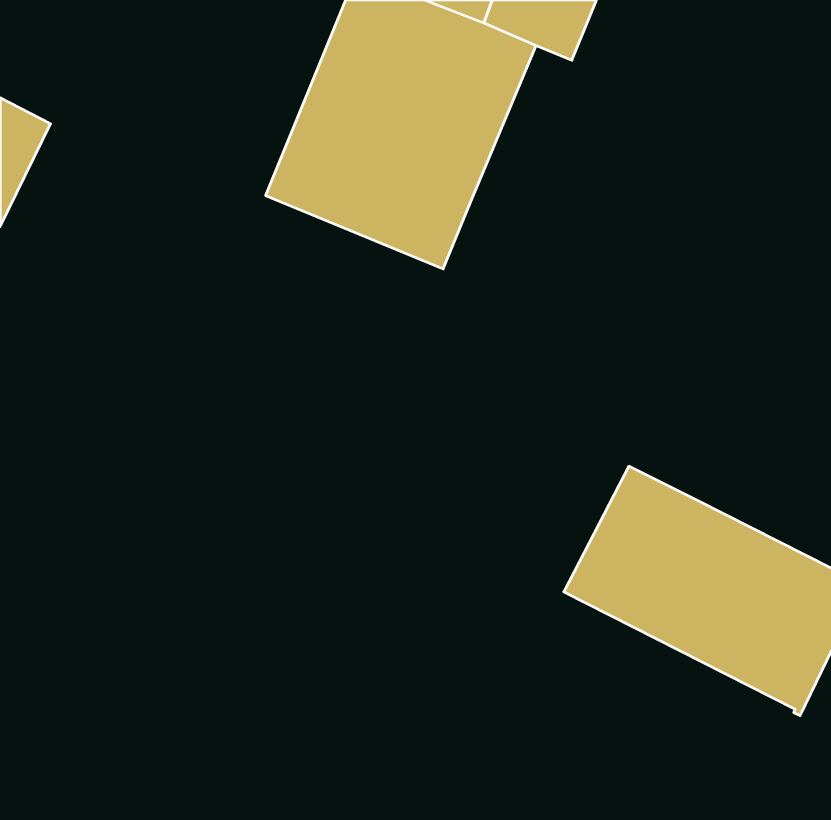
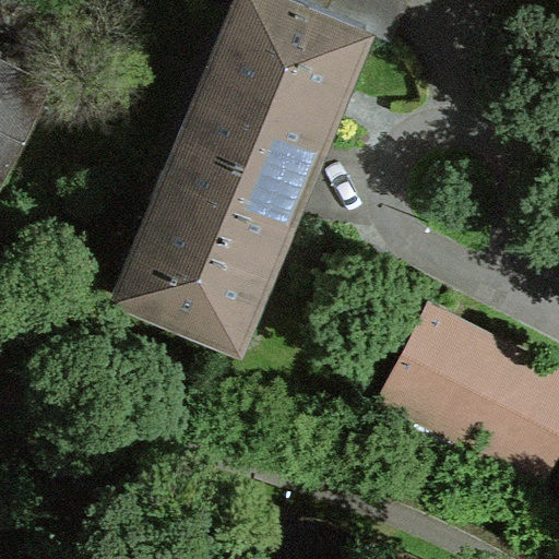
building: none -> [115,140,298,347]

